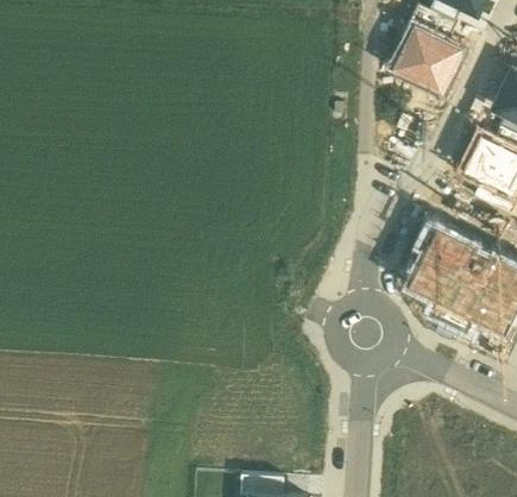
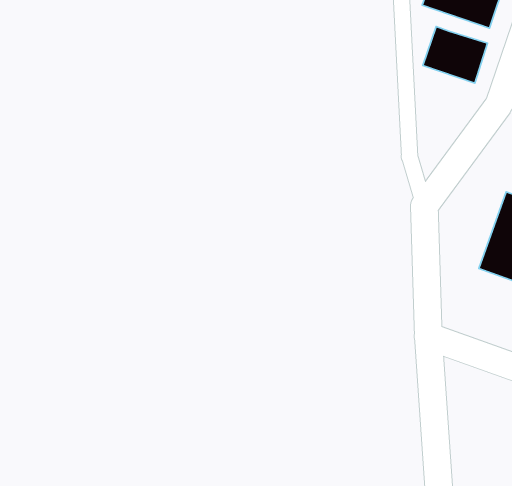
building: none -> [423,26,487,83]

